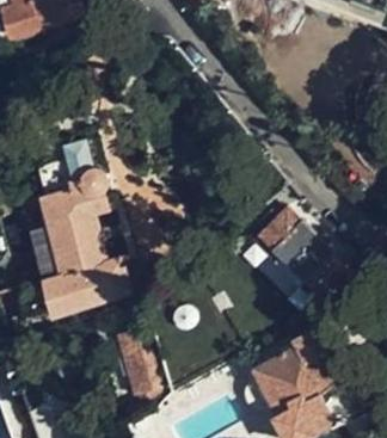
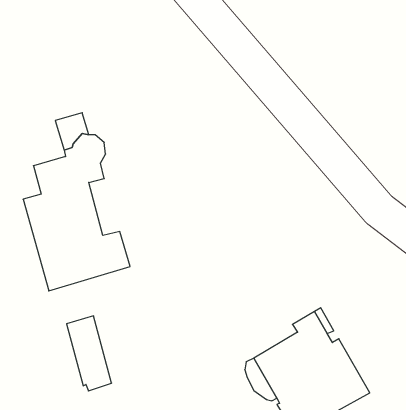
building: [252,208,336,296] -> none
building: [117,334,159,403] -> [67,316,112,391]

